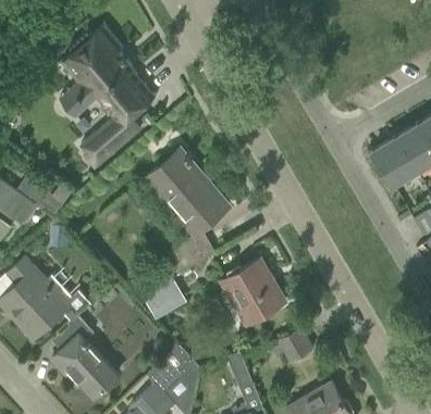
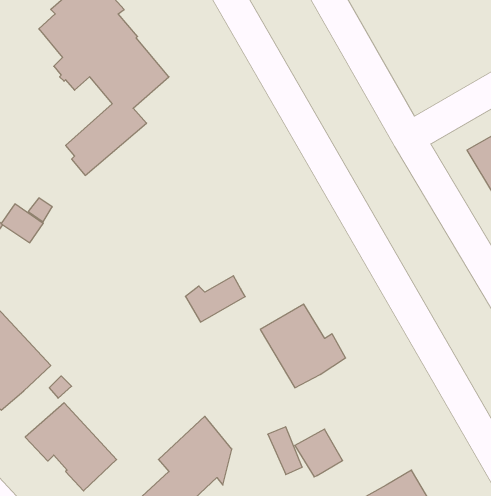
building: [148,150,229,235] -> none
building: [143,279,181,321] -> none
building: [278,328,312,363] -> [295,429,343,477]

